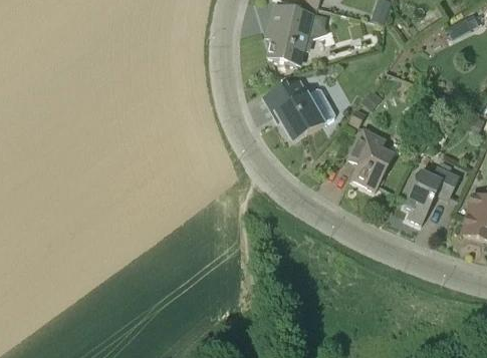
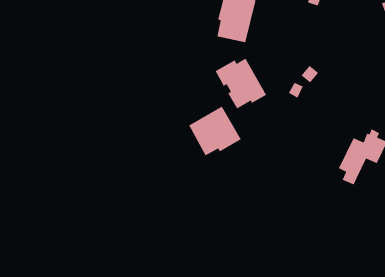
building: [346,126,395,191] -> none
building: none -> [188,105,242,156]

